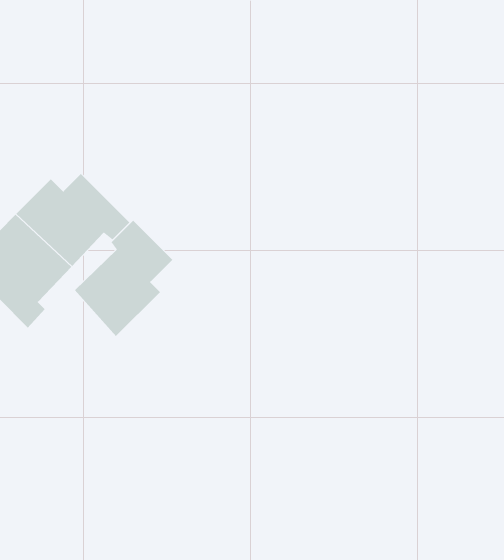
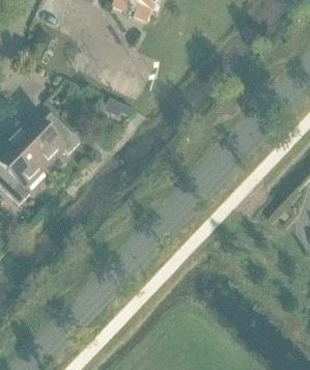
building: [74,220,173,337] -> none

